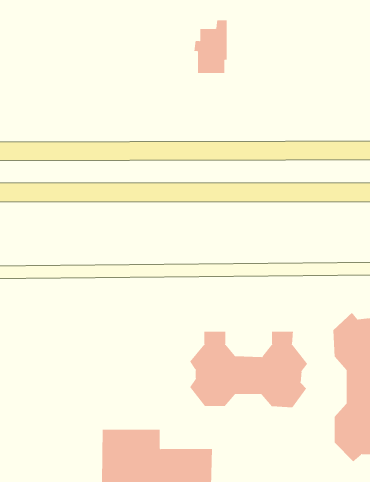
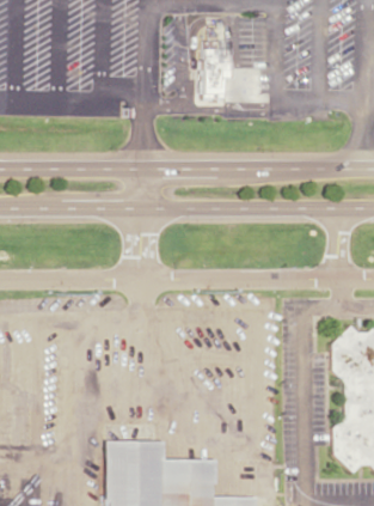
building: [190,331,308,408] -> none

